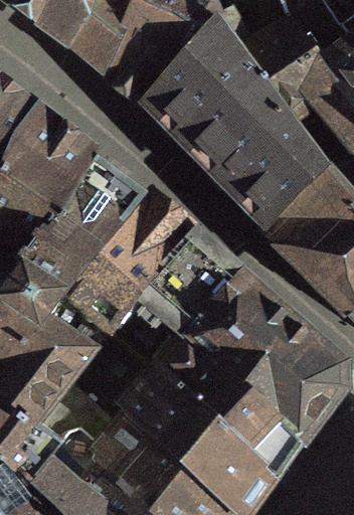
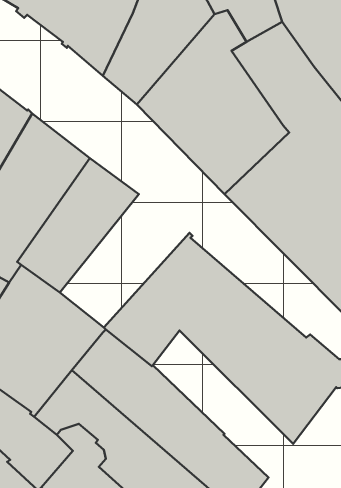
building: [66,199,197,334] -> none
building: [160,337,302,486] -> none

